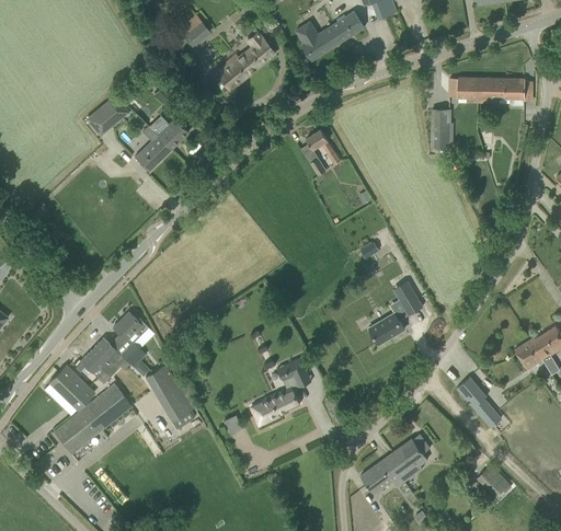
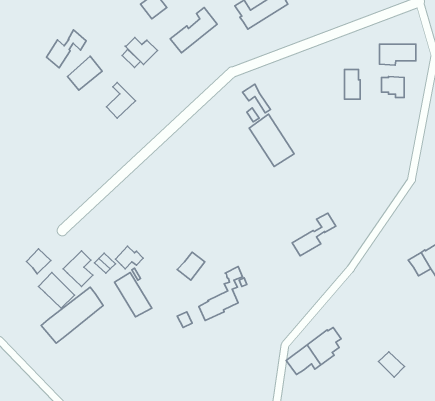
building: none -> [47,30,86,68]
building: [449,77,478,103] -> [381,77,404,98]
building: [148,115,188,149] -> [125,37,157,64]
building: none -> [249,114,294,167]
building: [113,311,148,339] -> [115,246,143,269]
building: none -> [26,249,51,274]
building: none -> [177,252,205,280]
building: [456,376,499,427] -> none

